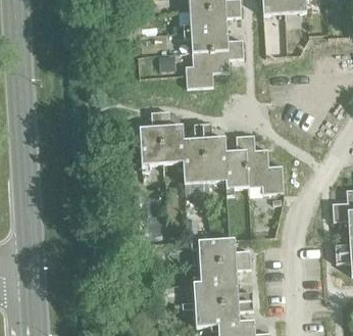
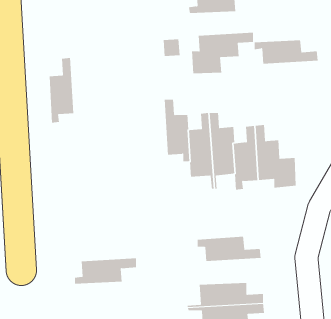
building: [184,30,244,52] -> [254,40,318,64]
building: [140,111,163,173] -> [49,58,74,123]
building: [193,259,251,284] -> [74,258,137,284]

